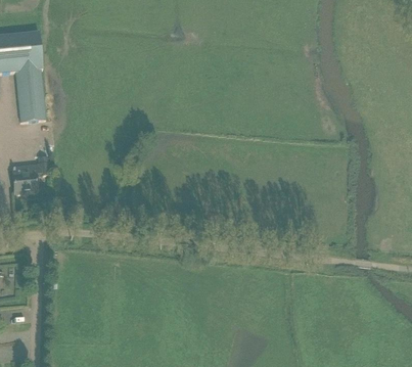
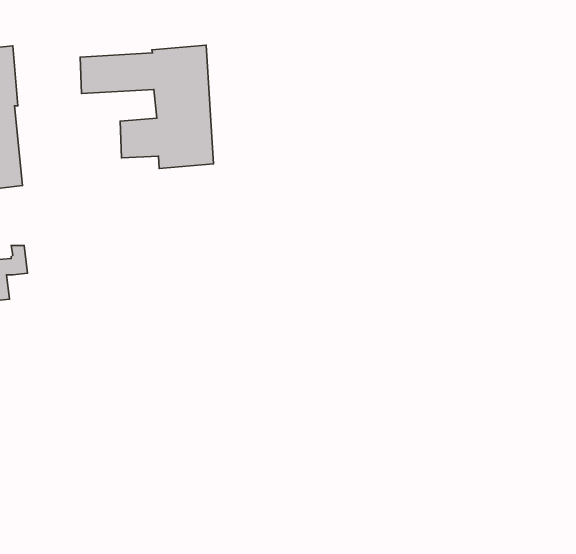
building: none -> [80,45,213,168]

